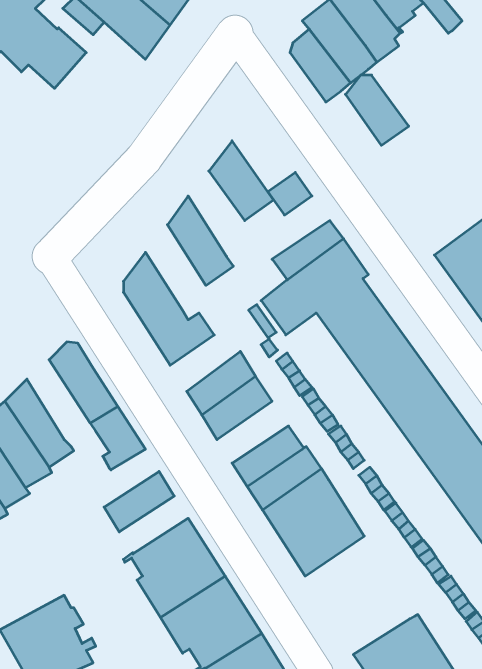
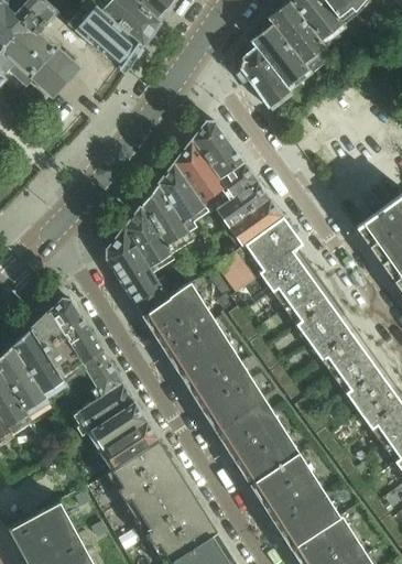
building: [345,75,409,145] -> [194,122,245,178]
building: none -> [159,162,207,230]
building: none -> [213,182,272,232]
building: none -> [124,205,173,273]
building: none -> [144,286,200,338]
building: none -> [30,313,85,382]
building: none -> [182,346,239,395]
building: none -> [73,384,135,437]
building: none -> [104,422,159,468]
building: none -> [252,454,340,549]

